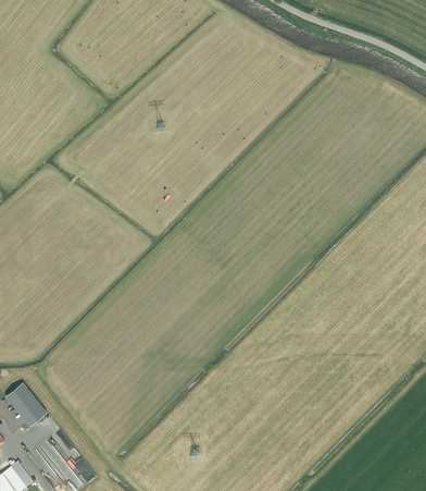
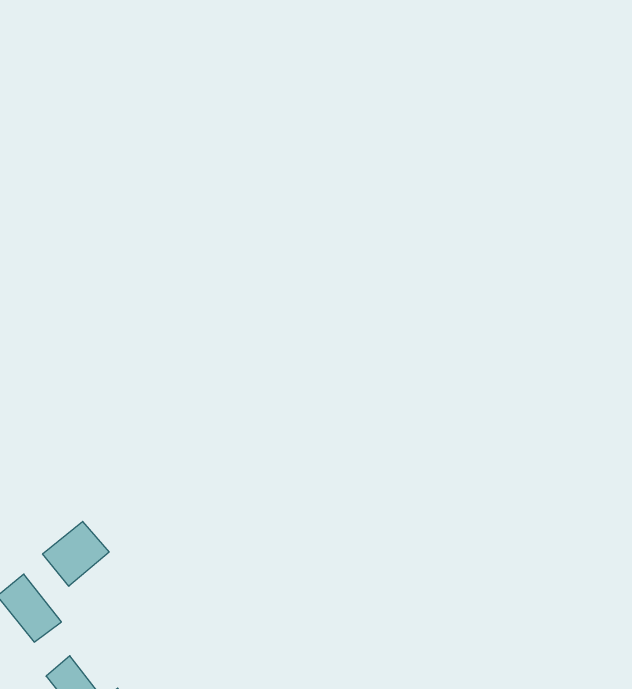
building: none -> [43,521,109,586]

